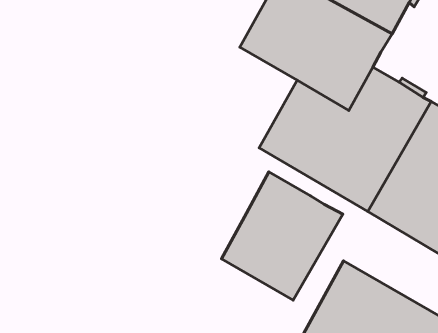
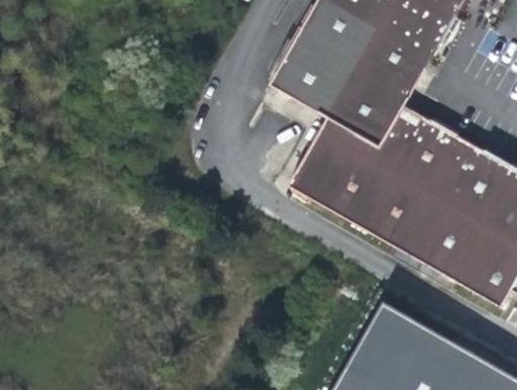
building: [222,172,343,300] -> none

